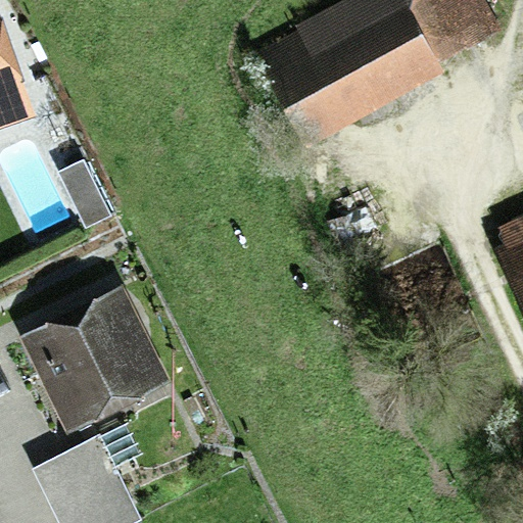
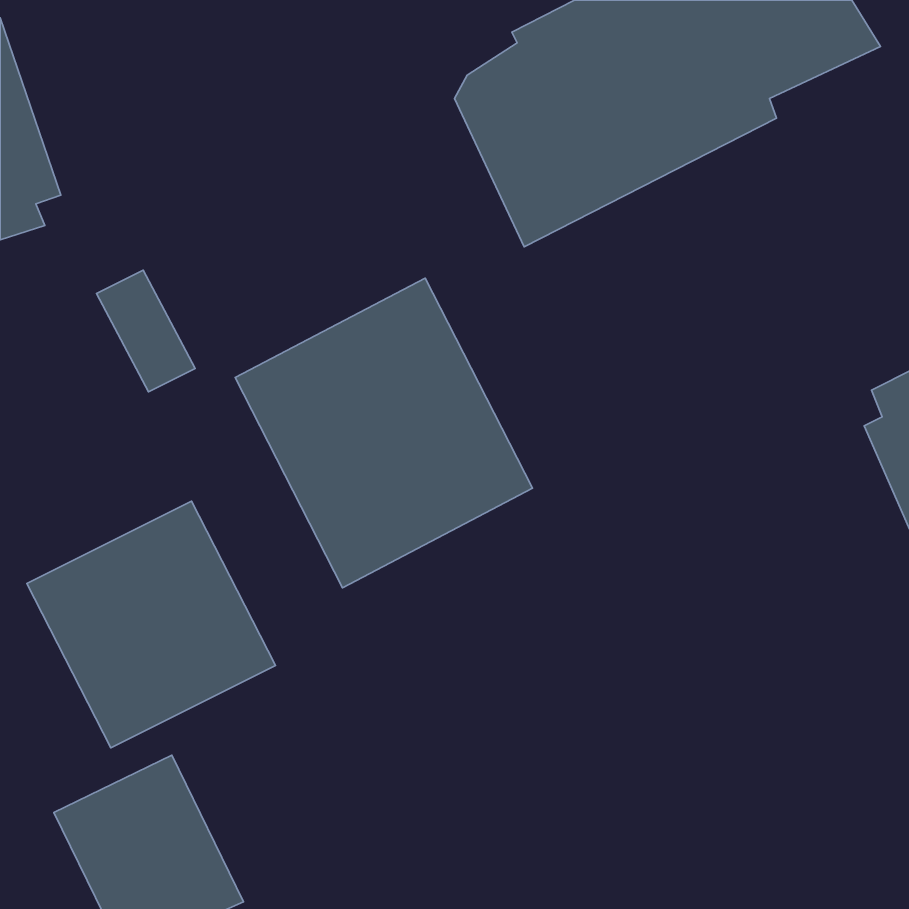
building: none -> [235,278,533,588]

